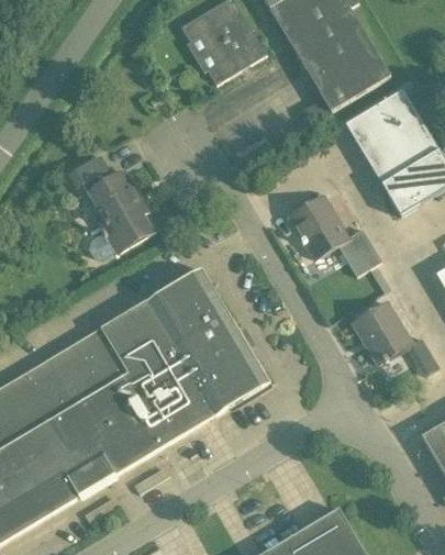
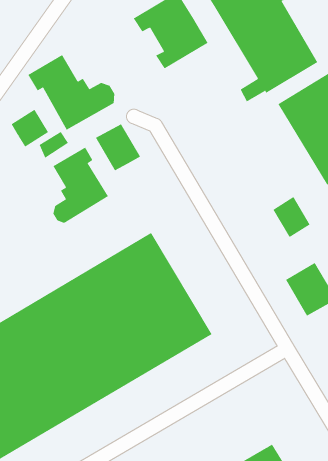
building: none -> [28,54,115,130]
building: none -> [11,109,49,148]
building: none -> [95,124,141,171]
building: [289,197,347,257] -> none

